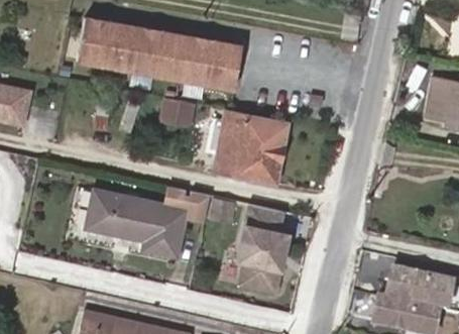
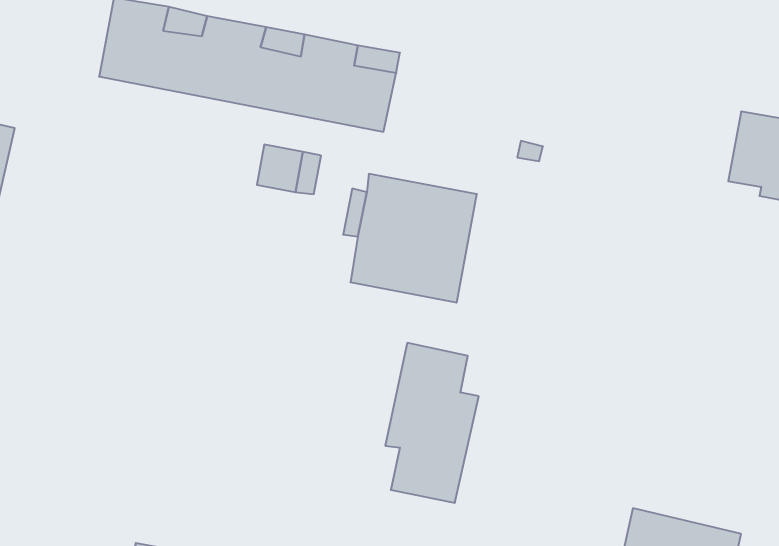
building: [86,187,210,260] -> none
building: [380,270,447,312] -> none

